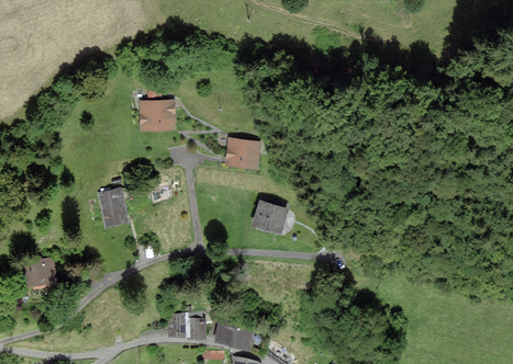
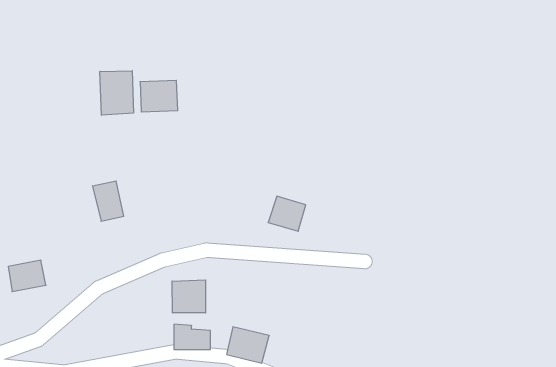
building: none -> [100,71,133,115]
building: [225,139,258,168] -> none
building: none -> [172,280,206,313]

